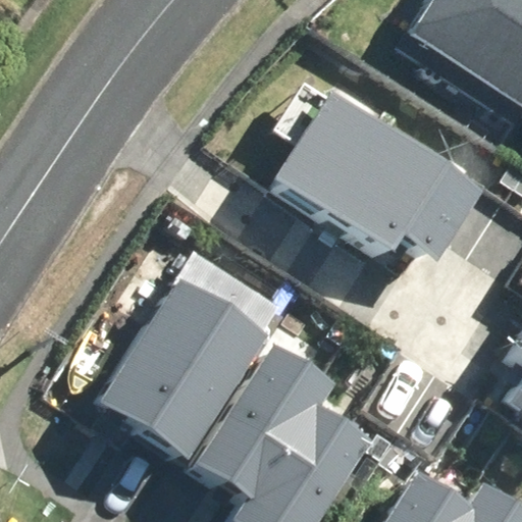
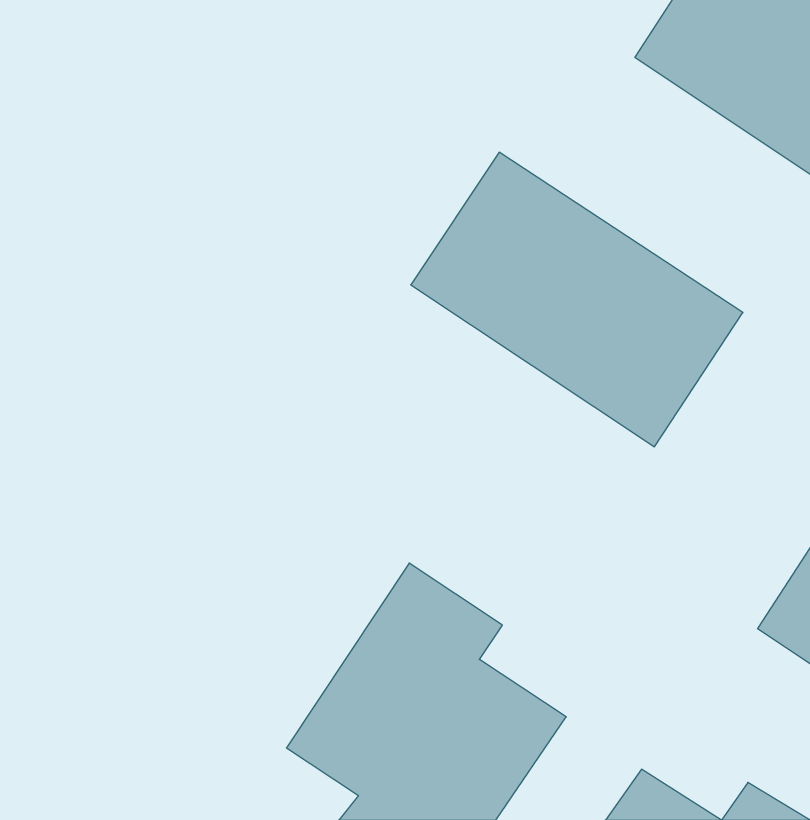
building: [97,250,288,461] -> none

